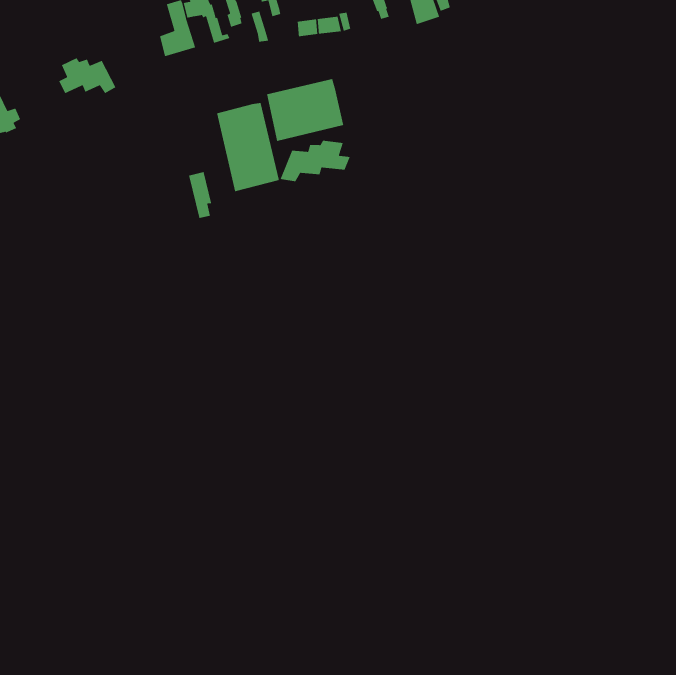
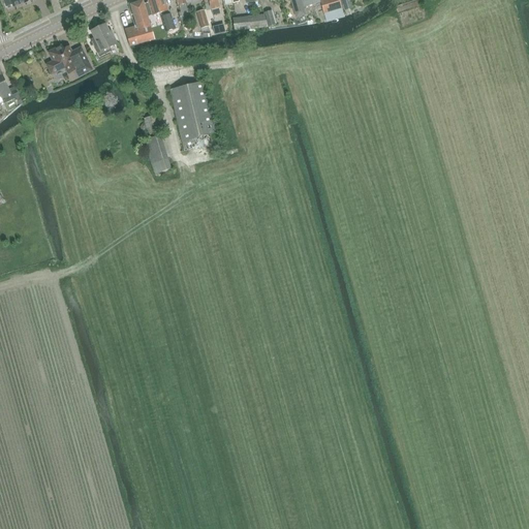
building: none -> [90,23,116,52]
building: [266,78,344,142] -> none
building: [280,140,351,182] -> none

